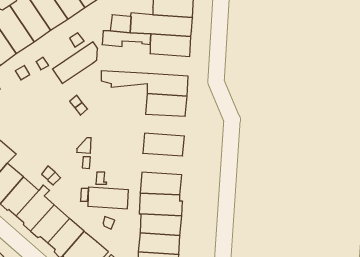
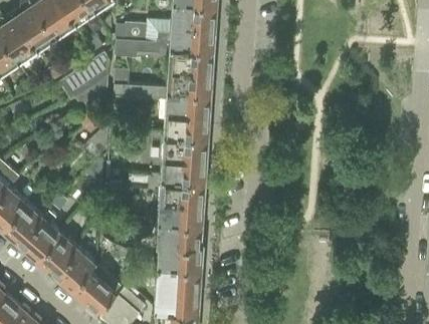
building: none -> [167,66,213,91]
building: none -> [163,133,208,157]
building: [88,187,128,209] -> [160,177,205,201]

